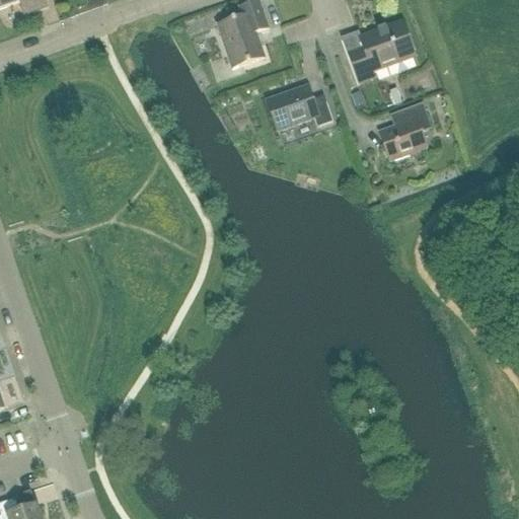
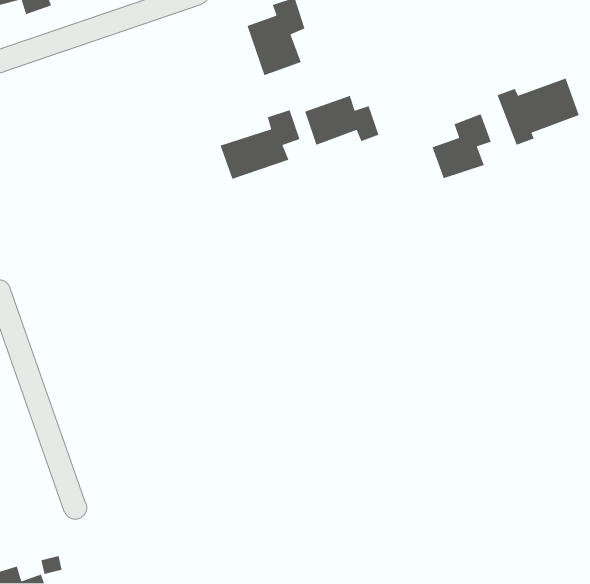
building: [341,19,414,79] -> [497,78,580,146]
building: none -> [220,109,301,180]

